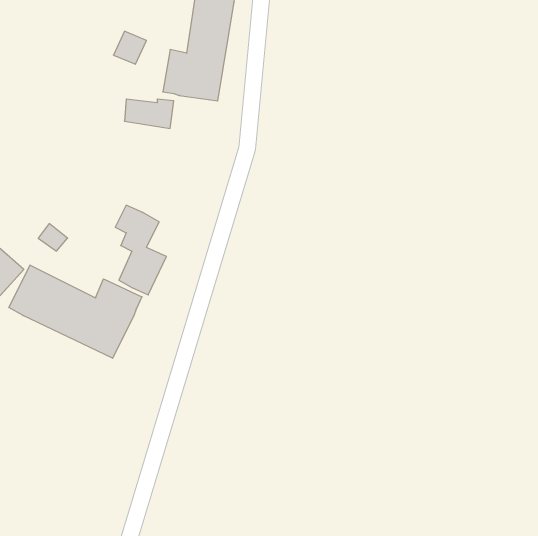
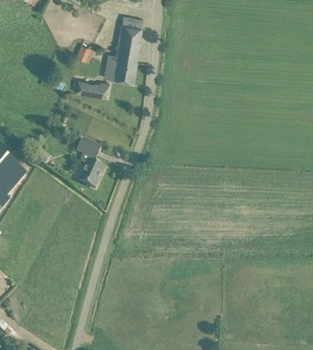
building: [9,265,142,358] -> none

